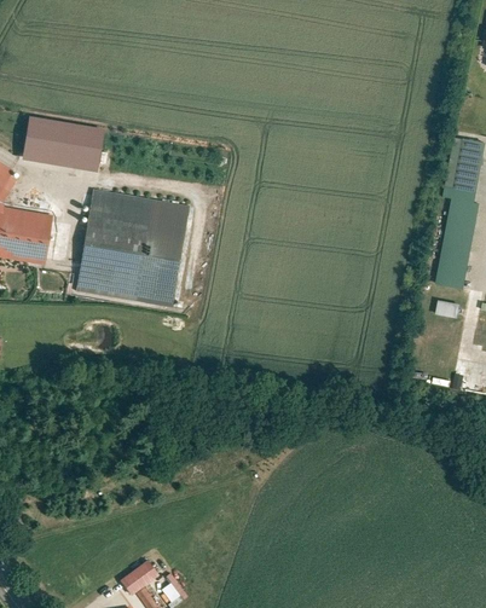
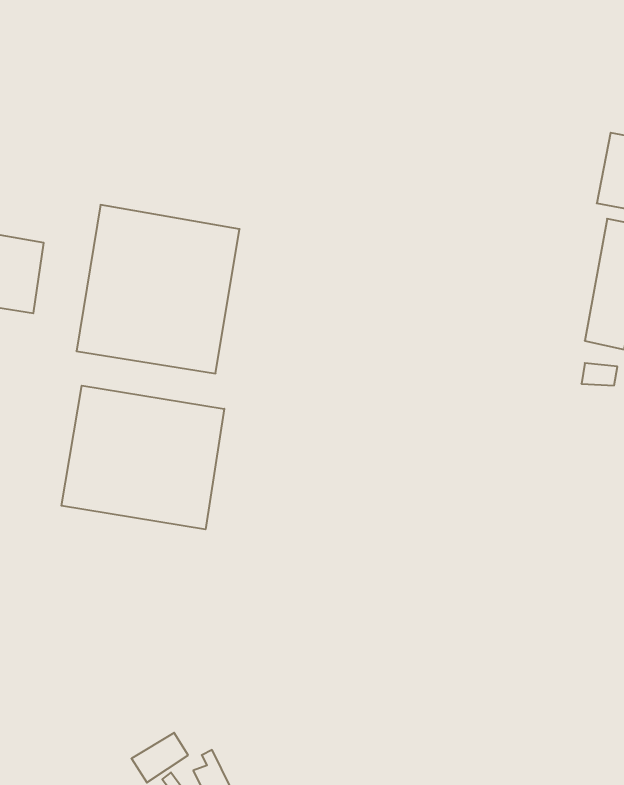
building: [30,116,117,175] -> none
building: none -> [61,386,224,529]

